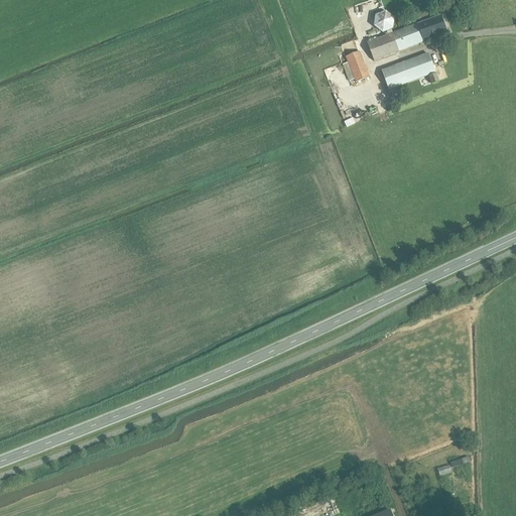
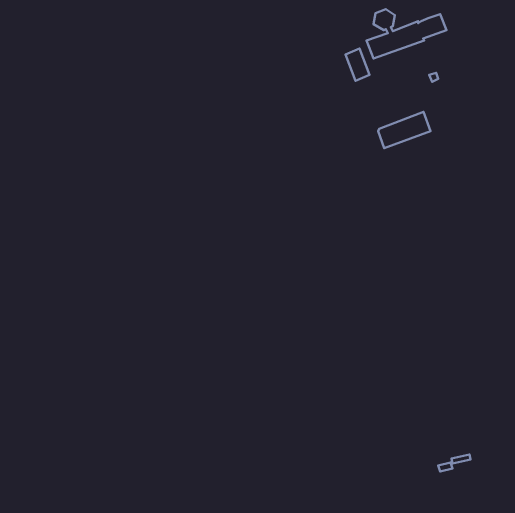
building: [381,51,433,88] -> [378,112,431,148]

